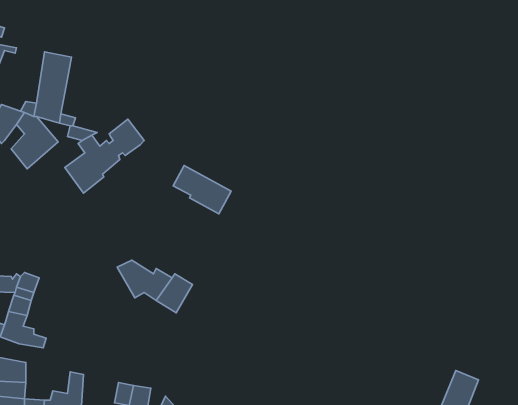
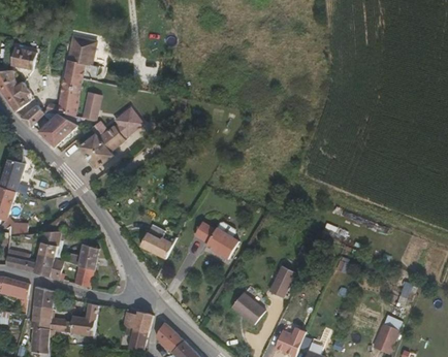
building: none -> [67,30,96,62]
building: [173,166,231,214] -> [194,218,238,255]
building: none -> [72,244,99,290]
building: none -> [274,261,298,293]
building: none -> [234,289,265,320]

